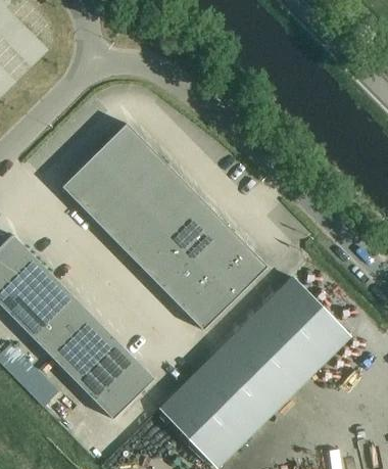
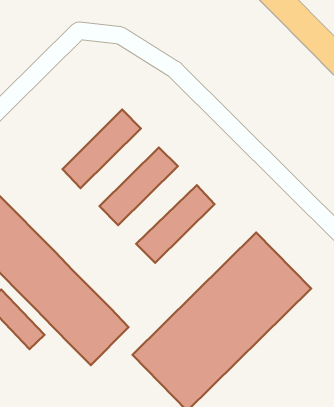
building: [62,123,147,207] -> none
building: [102,163,187,247] -> none
building: [143,204,228,288] -> none
building: [183,245,268,330] -> none

